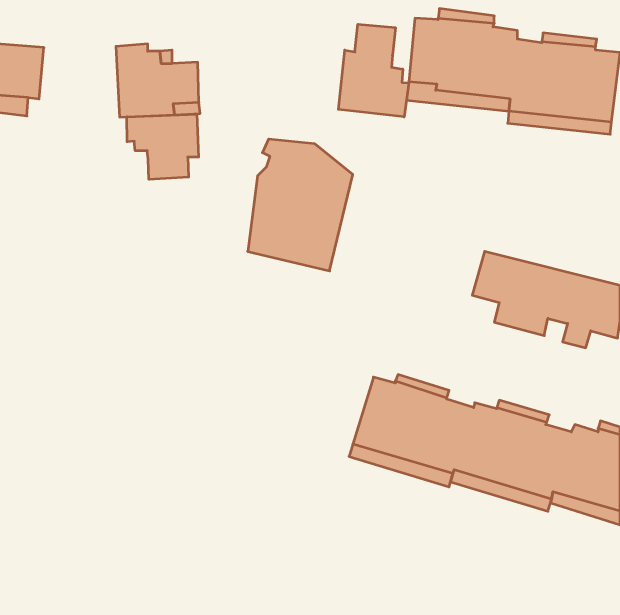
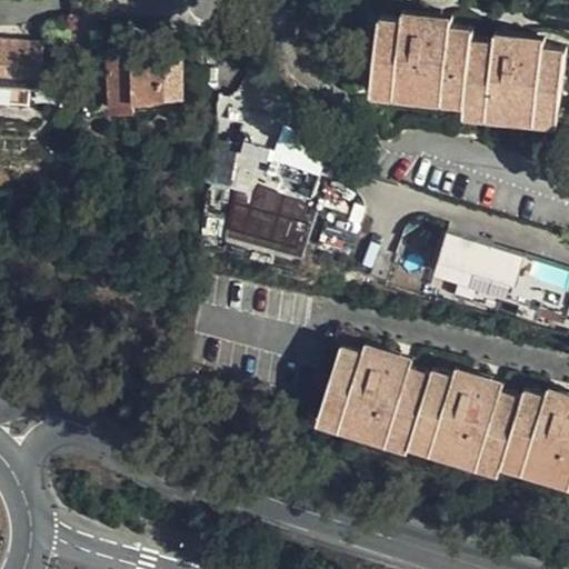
building: [338,24,409,117] -> none
building: [127,114,199,179] -> none

